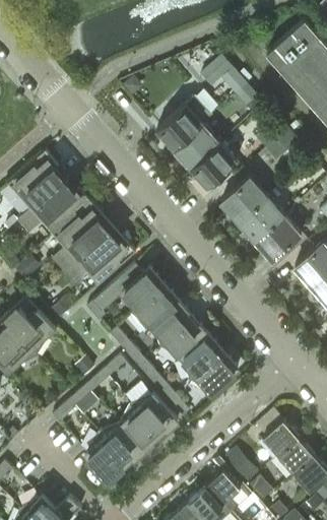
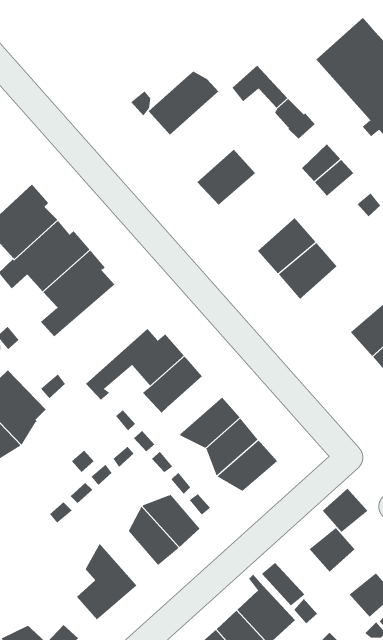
building: [156,100,212,150] -> [148,71,219,136]
building: [191,143,237,188] -> none
building: [255,216,302,261] -> none
building: [62,231,135,287] -> none
building: [151,303,194,348] -> none
building: [97,425,143,467] -> none
building: [278,439,315,474] -> [322,488,368,533]

